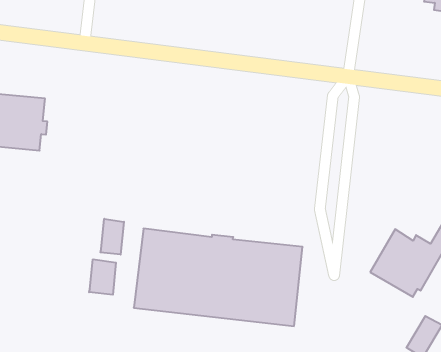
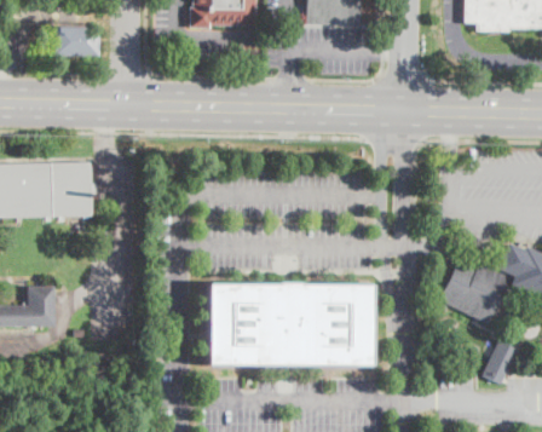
building: [100,219,124,255] -> none
building: [89,259,116,295] -> none

